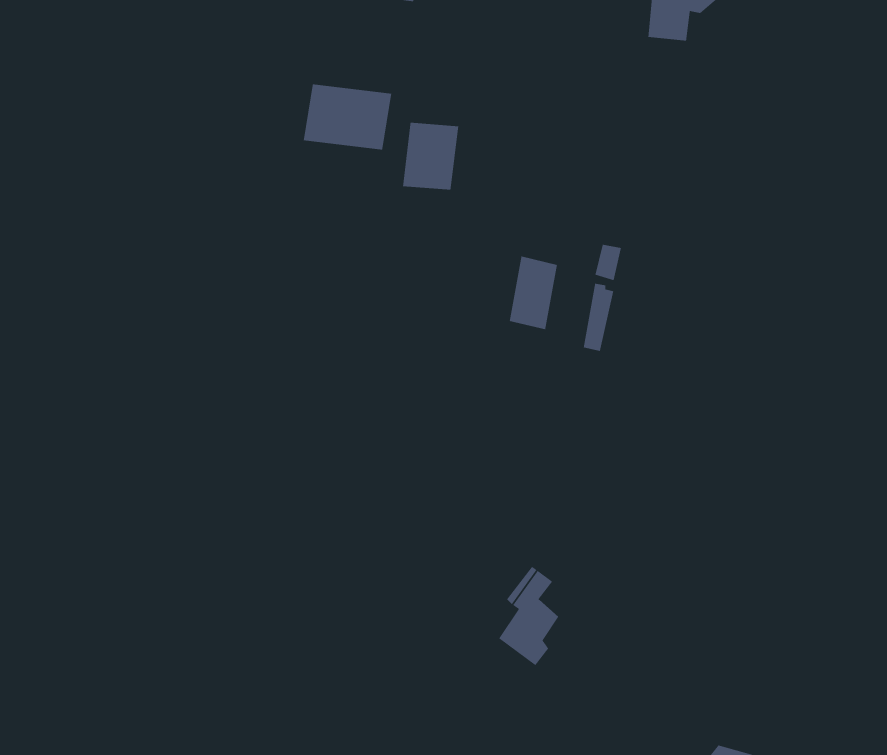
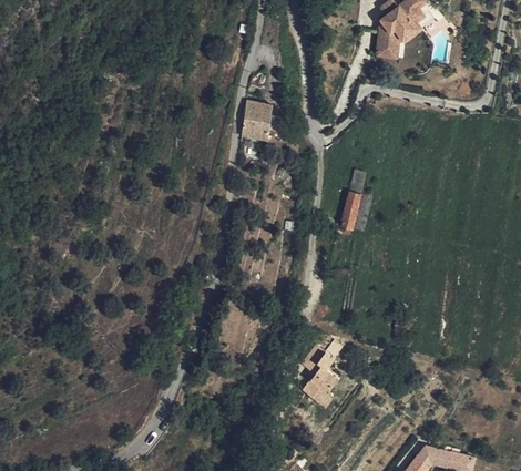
building: [303,83,392,151] -> none
building: [509,256,558,330] -> none

